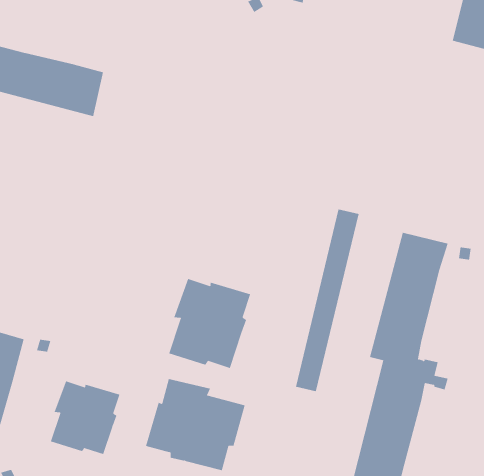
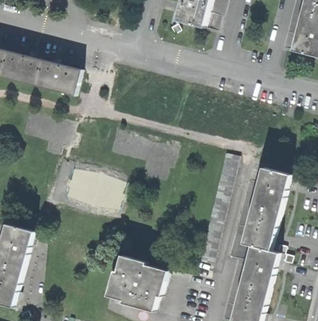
building: [168,278,251,369] -> none
building: [50,380,120,455] -> none

